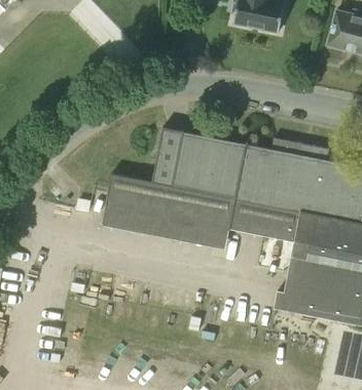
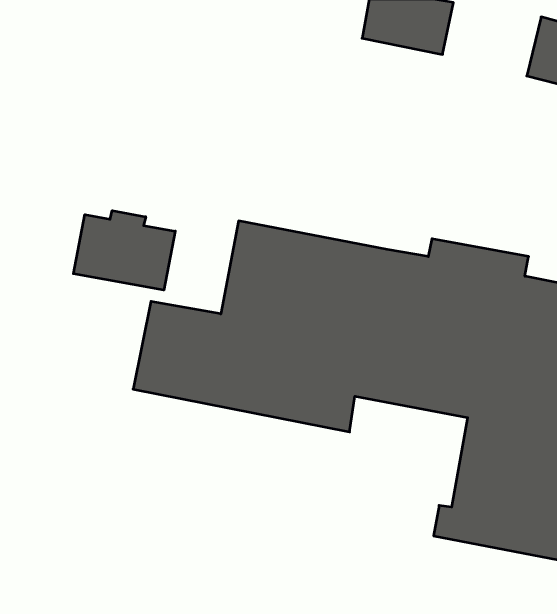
building: none -> [73,211,175,290]

